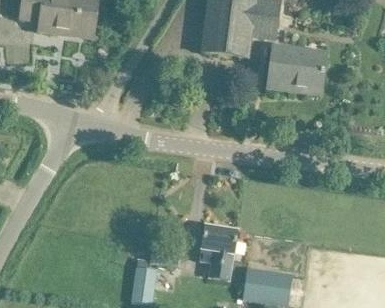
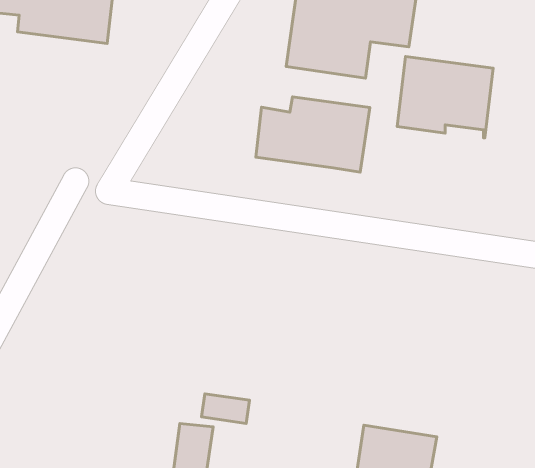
building: none -> [256,97,370,172]
building: [199,225,237,279] -> none

